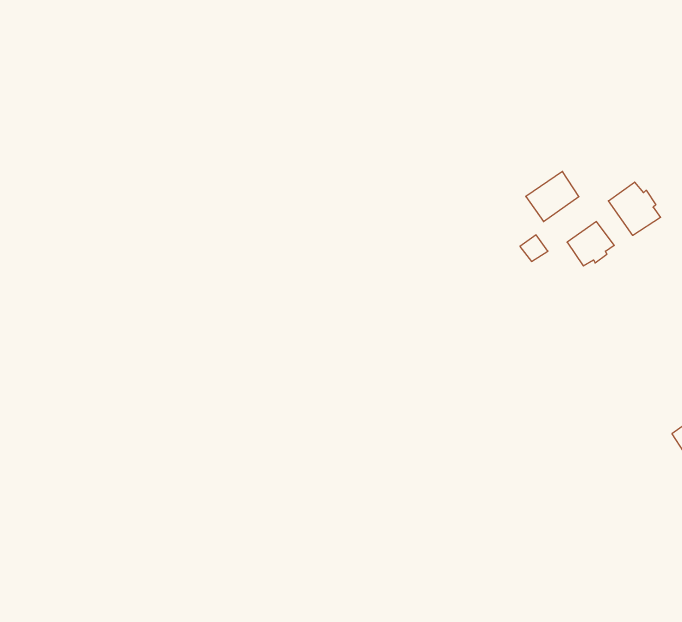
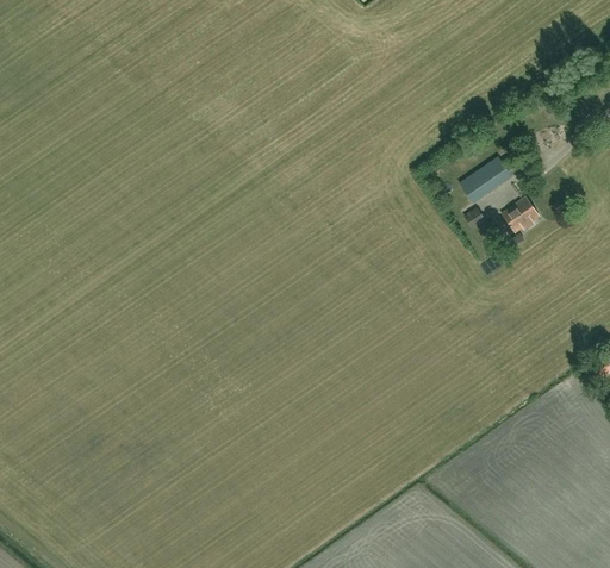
building: [608,182,661,235] -> none

